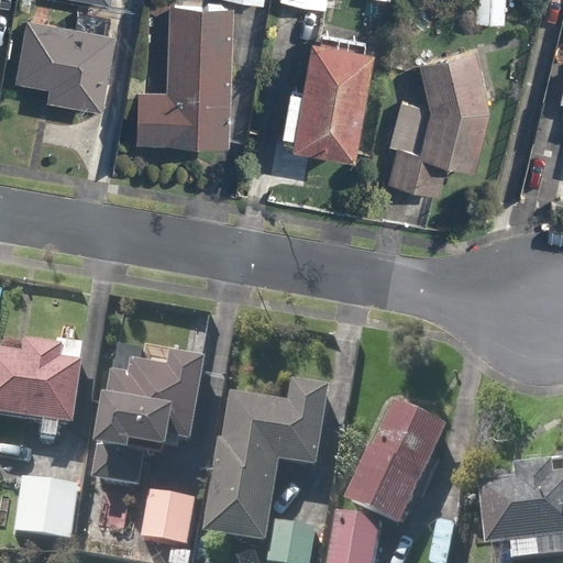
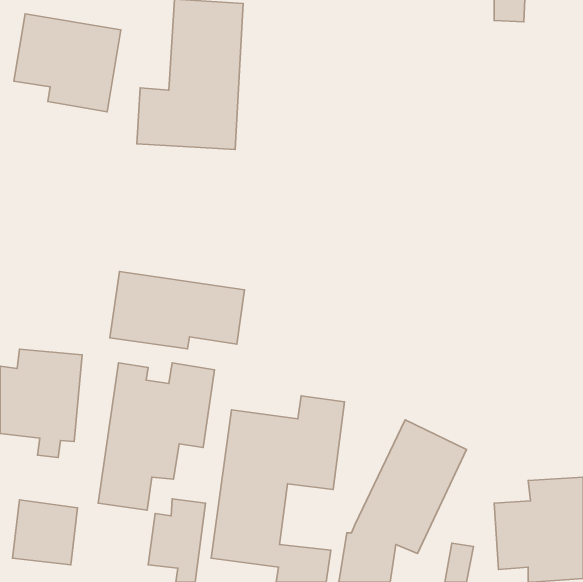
building: [280,32,371,150] -> none
building: [384,47,489,192] -> none
building: none -> [110,271,245,349]

